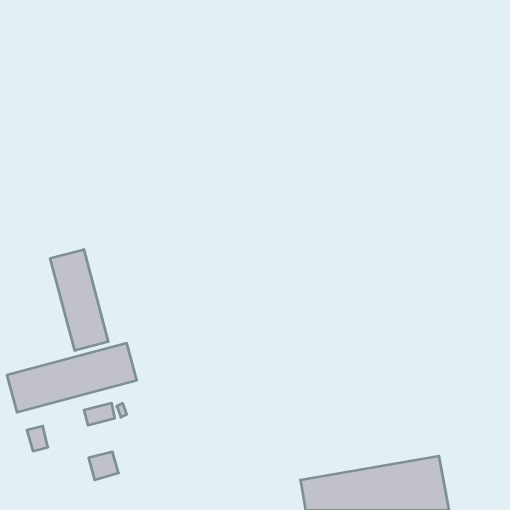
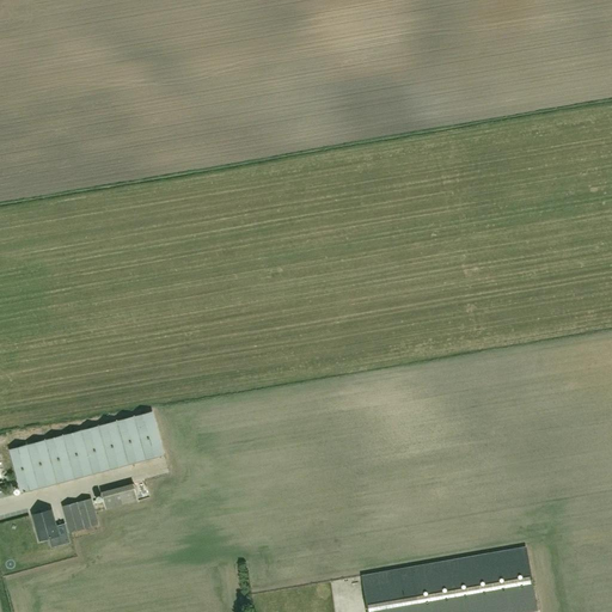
building: [50,249,108,351] -> none
building: [89,452,119,480] -> [62,500,98,533]

